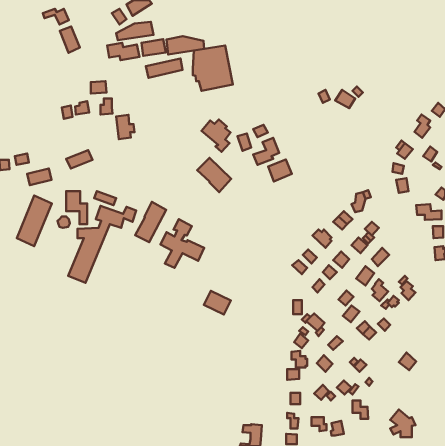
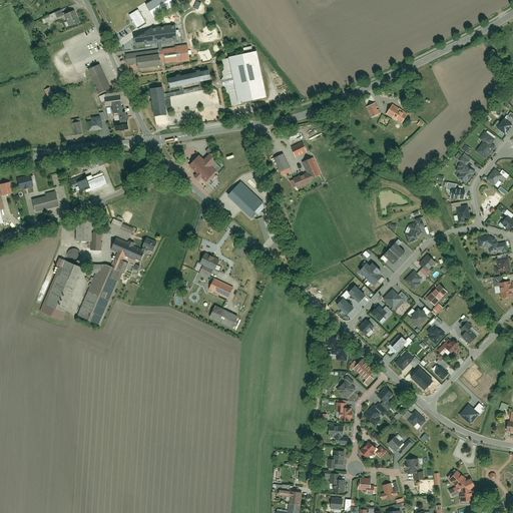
building: [60,27,80,53] -> [88,65,111,95]
building: [167,36,204,54] -> none
building: [116,115,134,139] -> [149,87,170,115]
building: [202,120,230,152] -> [188,153,221,190]
building: [268,159,292,181] -> none
building: [17,196,52,246] -> [41,260,81,318]
building: [135,202,166,242] -> none
building: [204,291,231,314] -> [209,302,240,329]

